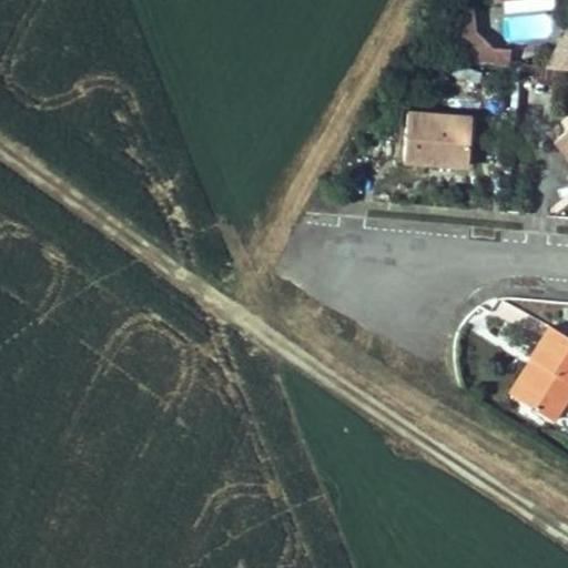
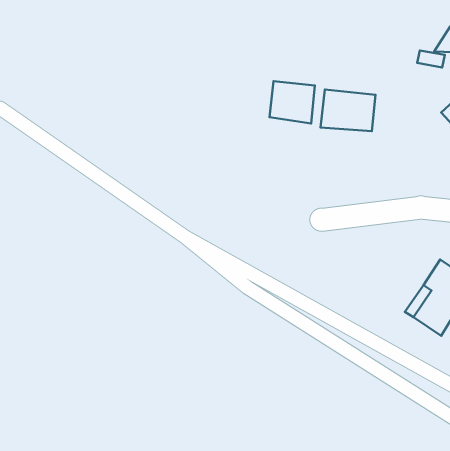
building: none -> [269,81,315,123]

